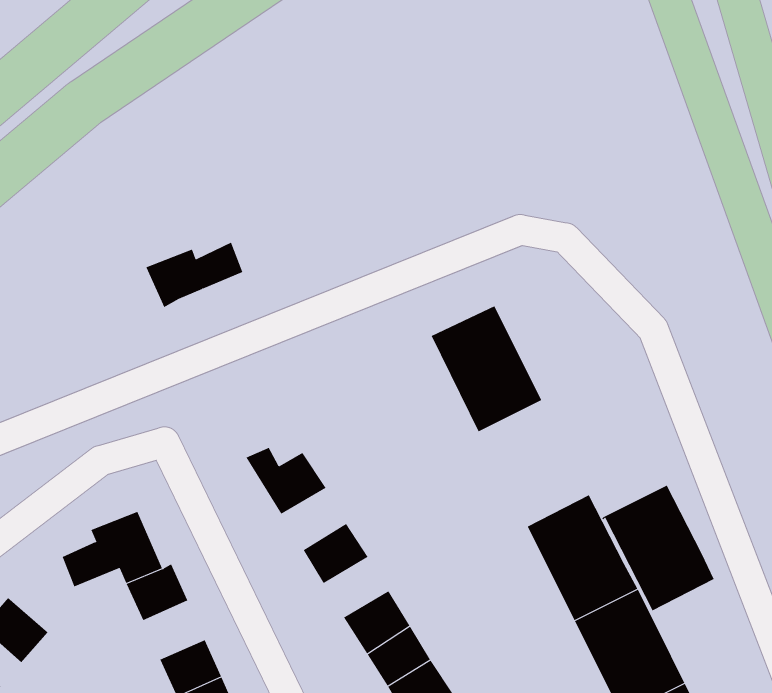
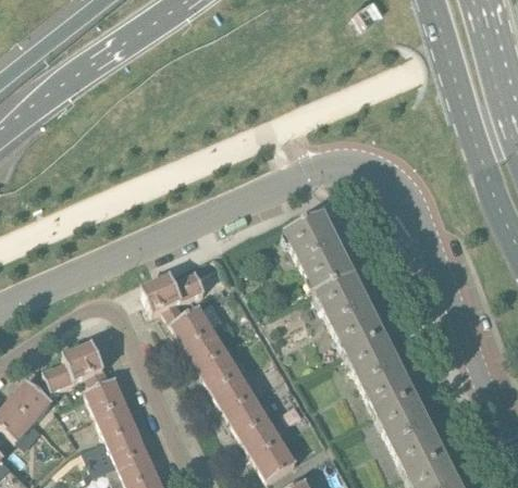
building: [145,242,243,308] -> [140,272,204,314]
building: [602,485,714,611] -> [311,272,384,353]
building: none -> [185,328,227,368]
building: none -> [212,373,255,412]
building: none -> [9,378,52,422]
building: none -> [96,401,136,439]

